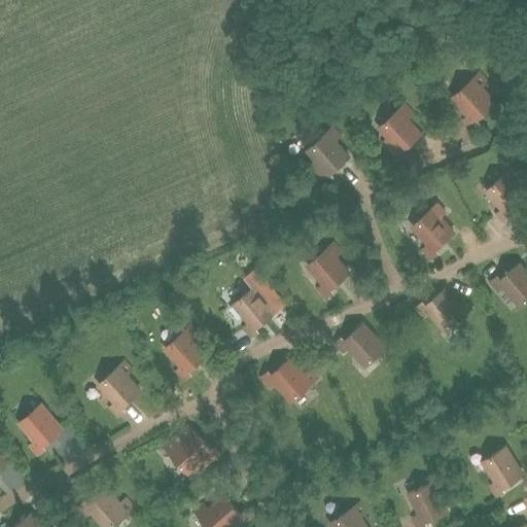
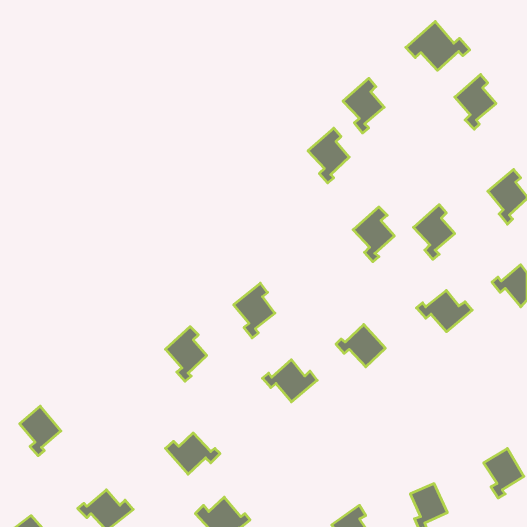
building: none -> [406,21,470,70]
building: [379,106,420,161] -> [343,78,384,133]
building: [307,244,348,298] -> [353,207,394,262]
building: [98,362,140,417] -> none

